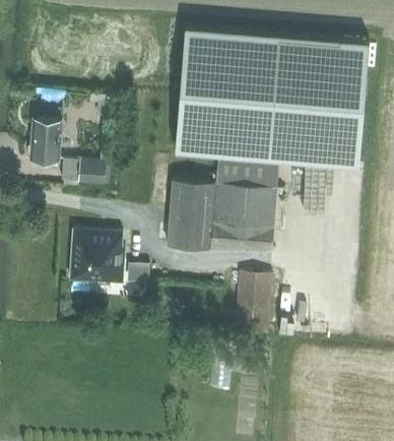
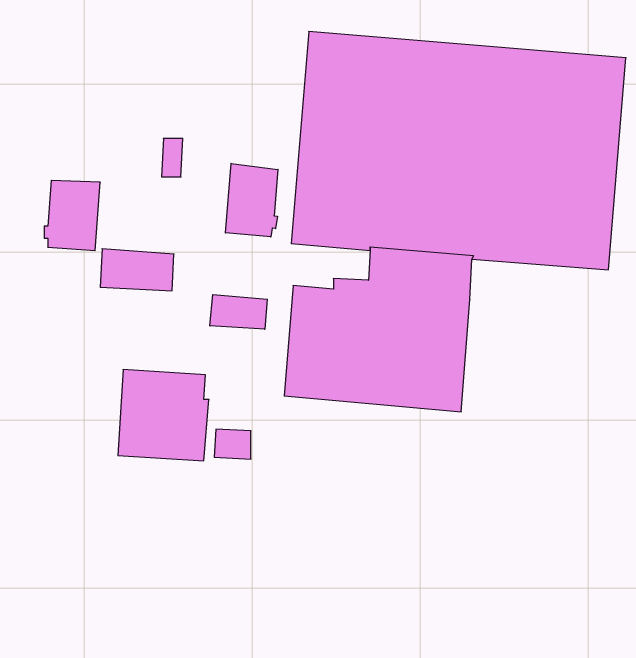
building: none -> [225,163,278,237]
building: none -> [210,295,267,329]
building: [235,269,271,332] -> none

